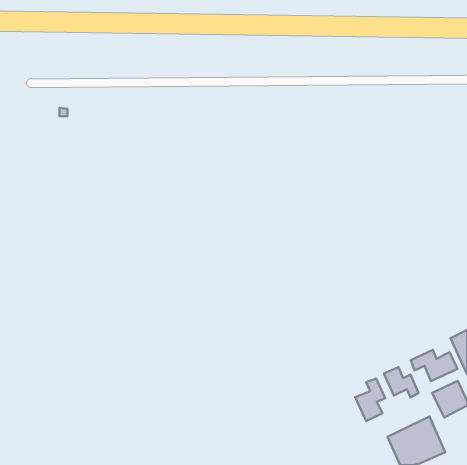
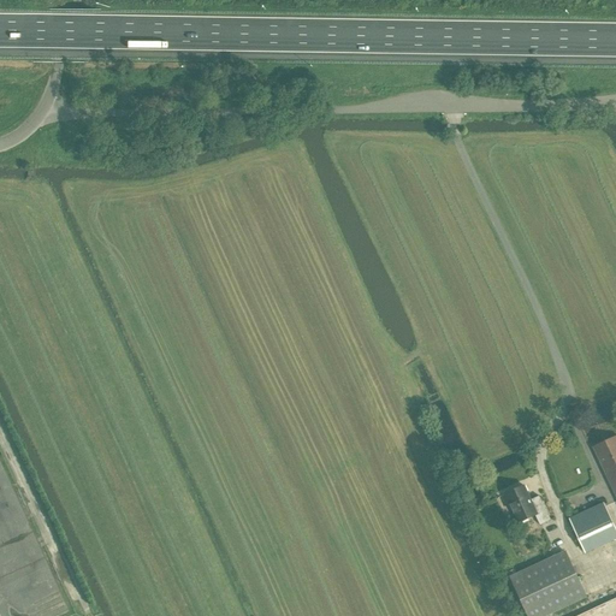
building: [411,350,457,381] -> none
building: [355,379,385,421] -> none

